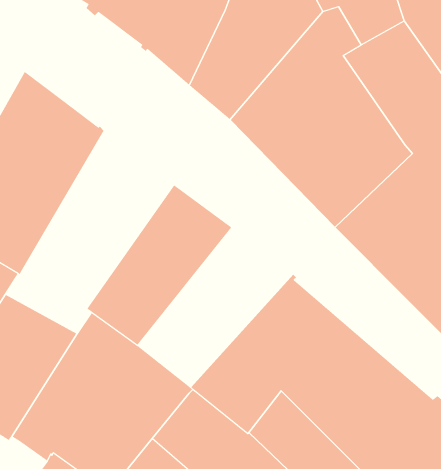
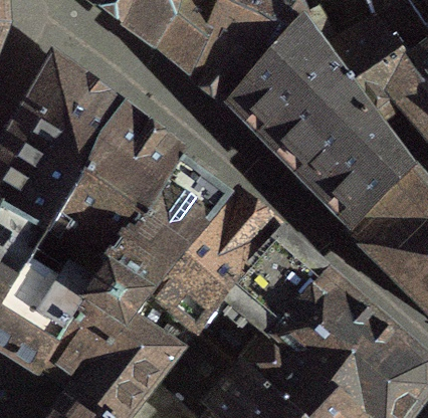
building: none -> [41,118,183,288]
building: none -> [153,199,283,334]

